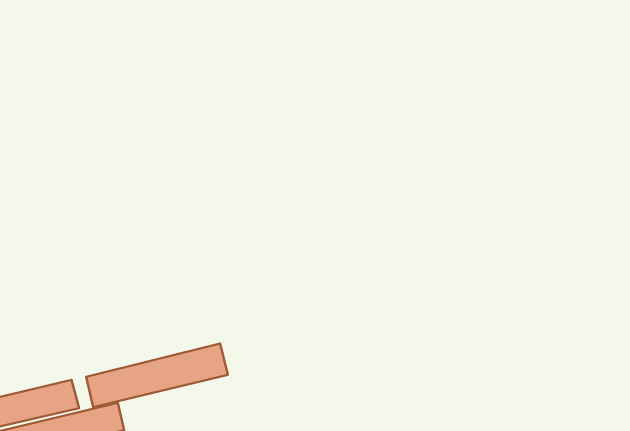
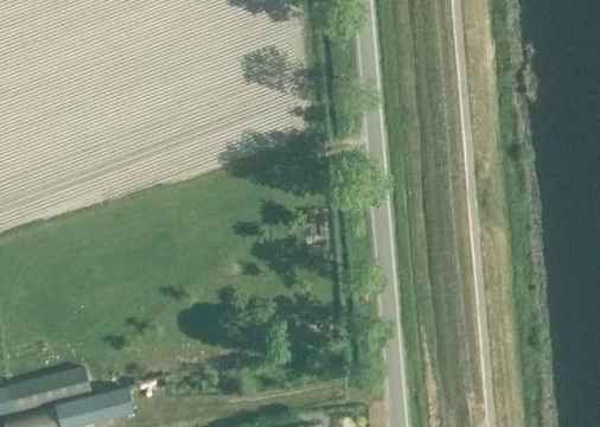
building: [86,343,228,407] -> none

